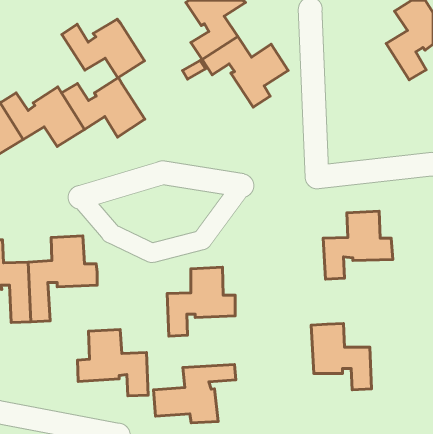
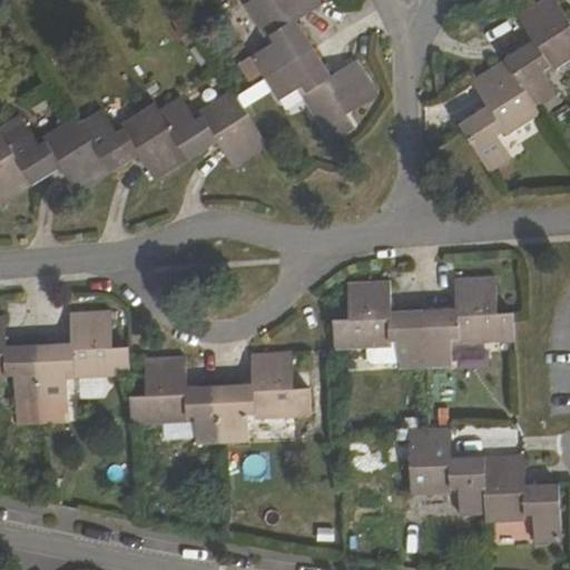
building: [62,19,144,78] -> [159,90,267,167]
building: none -> [459,58,540,171]
building: none -> [334,282,425,367]
building: [77,330,148,396] -> [128,355,220,442]
building: none -> [483,453,561,539]
building: [154,365,236,423] -> none

